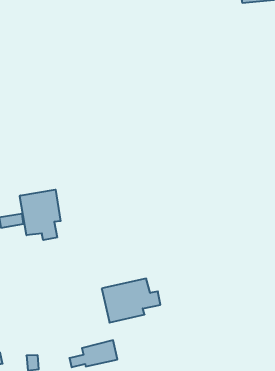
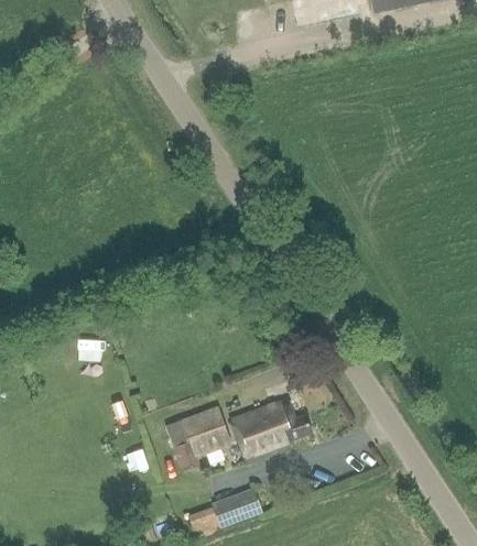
building: [20,190,61,240] -> none
building: none -> [165,405,231,469]

